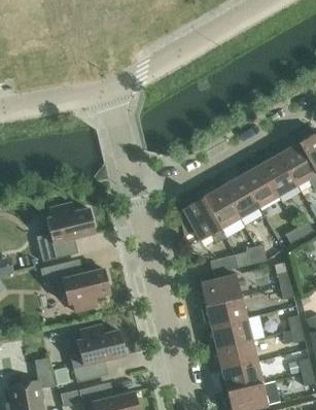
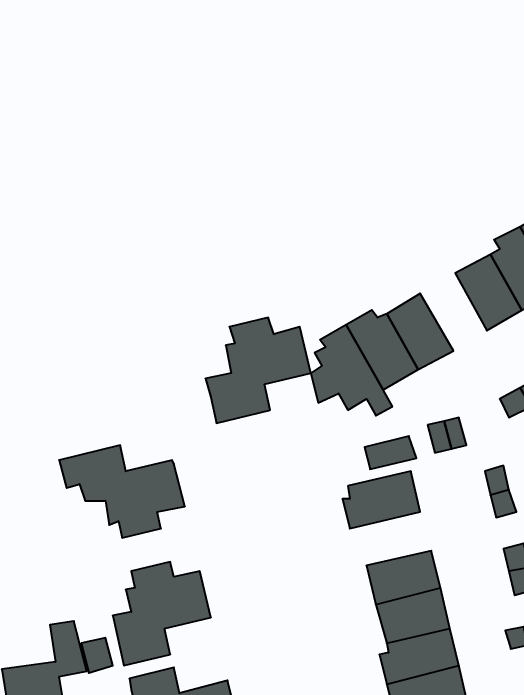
building: [241,165,278,208] -> none
building: [36,203,95,262] -> [205,318,311,423]
building: [202,298,247,328] -> none

